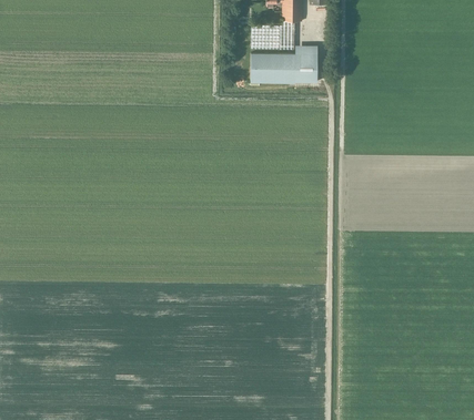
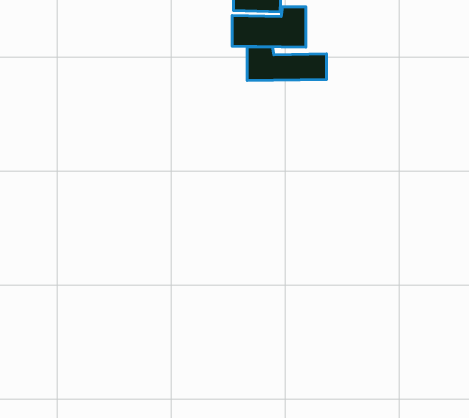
building: none -> [247,47,326,81]

